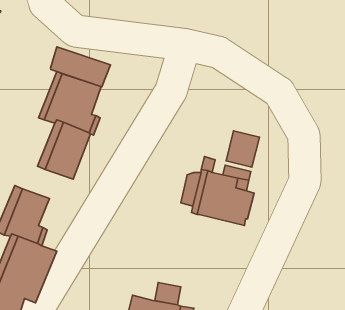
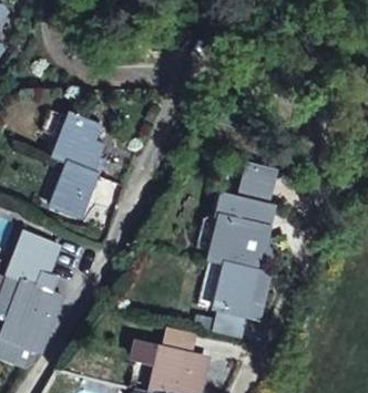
building: [50,47,111,87] -> none
building: none -> [201,258,273,318]

